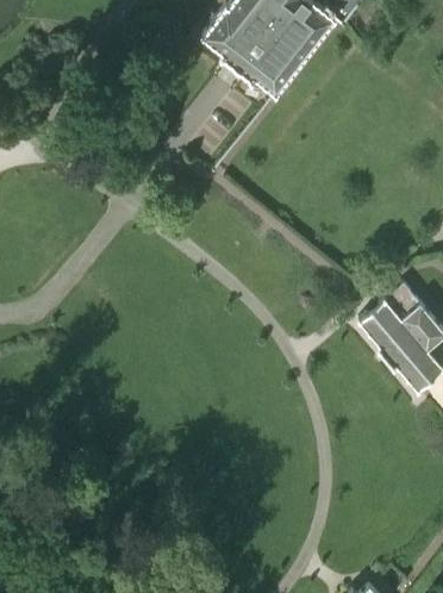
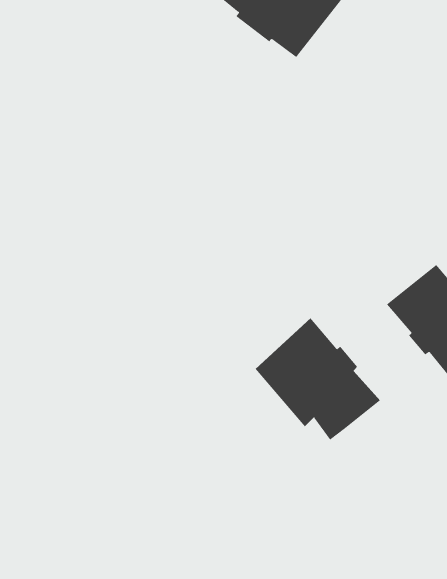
building: none -> [255,318,381,440]

